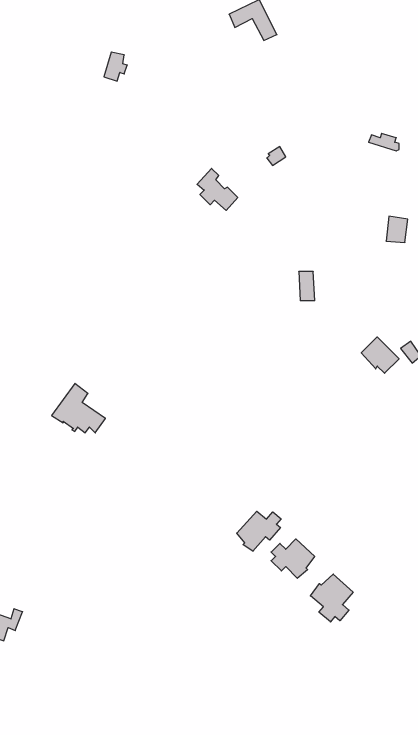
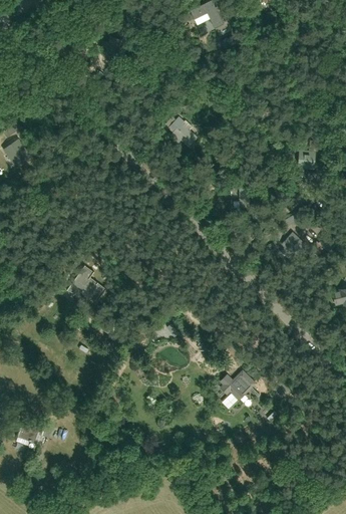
building: [237,511,281,551] -> none
building: [310,574,353,622] -> none

